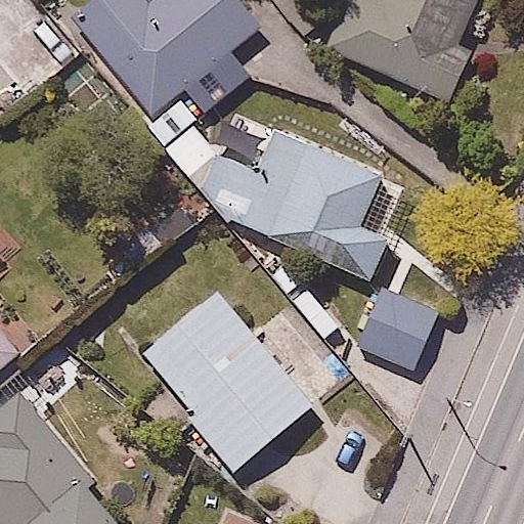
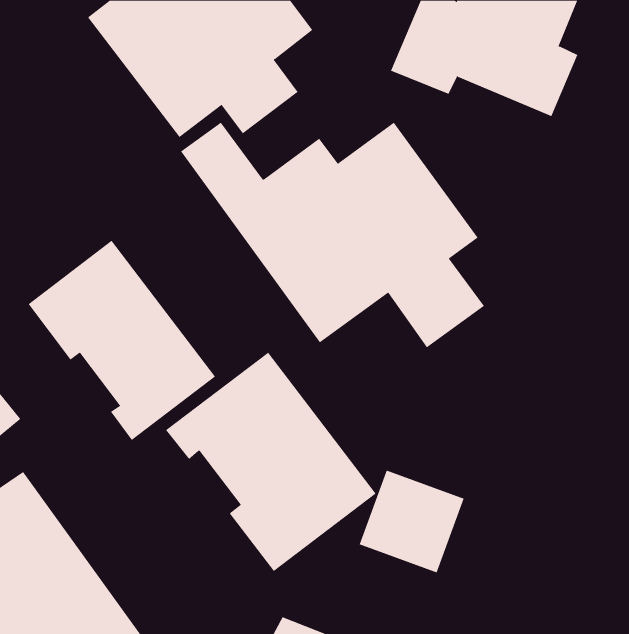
building: none -> [28,240,216,441]
building: [355,281,442,366] -> [359,470,464,573]

